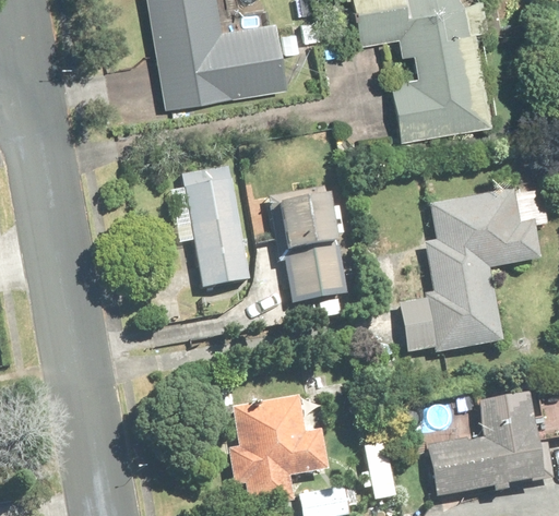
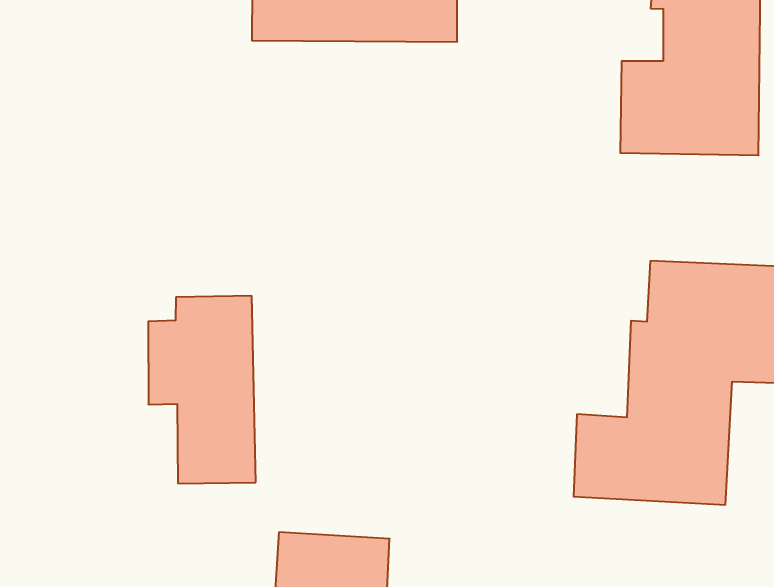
building: [169,167,251,288] -> [148,296,256,483]
building: [281,195,344,297] -> none

